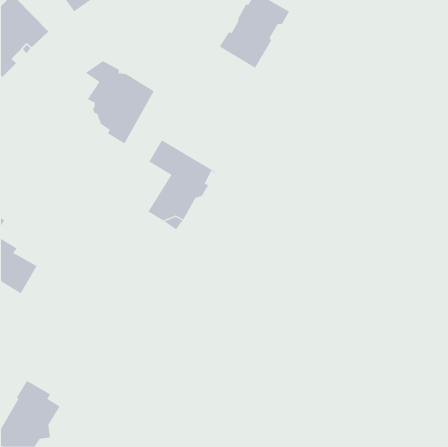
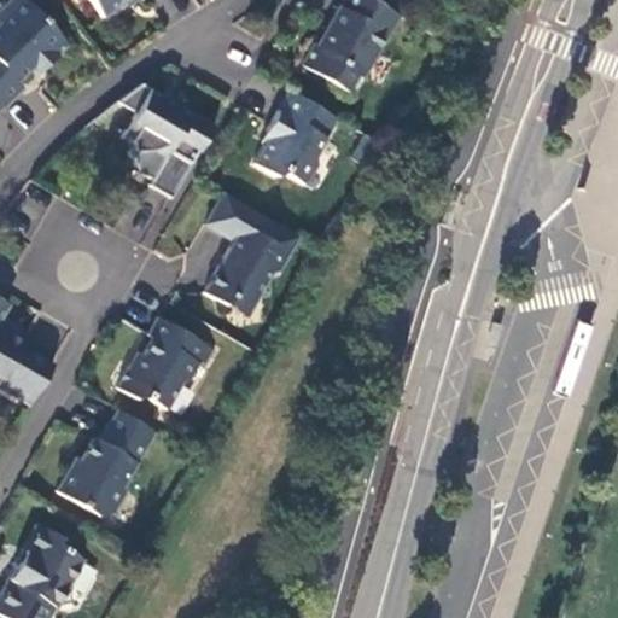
building: none -> [253,92,337,185]
building: none -> [117,316,214,408]
building: none -> [56,410,154,514]

